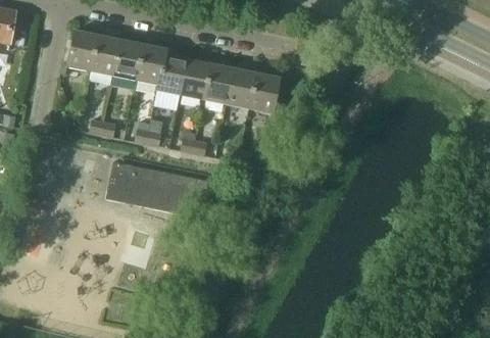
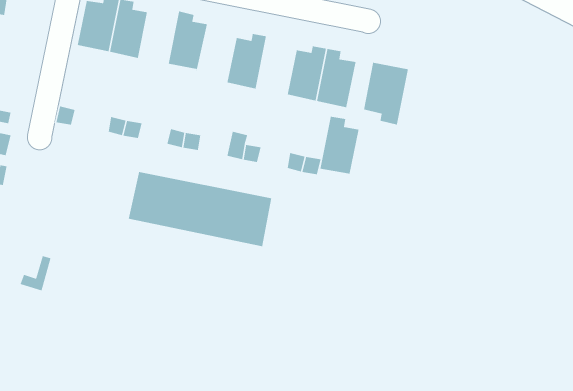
building: [111,37,142,80] -> none
building: [155,49,186,94] -> none
building: [201,58,232,103] -> [320,116,360,175]
building: none -> [363,62,409,125]

